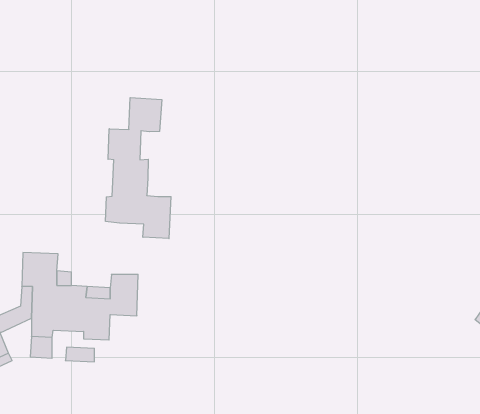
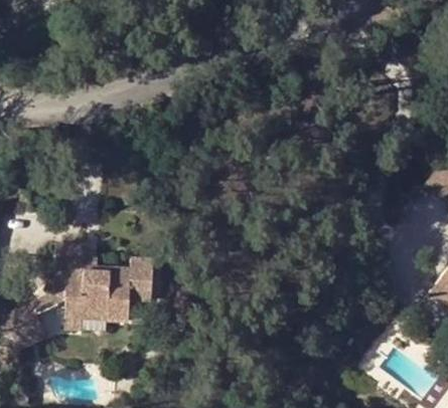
building: [106,98,171,239] -> none

